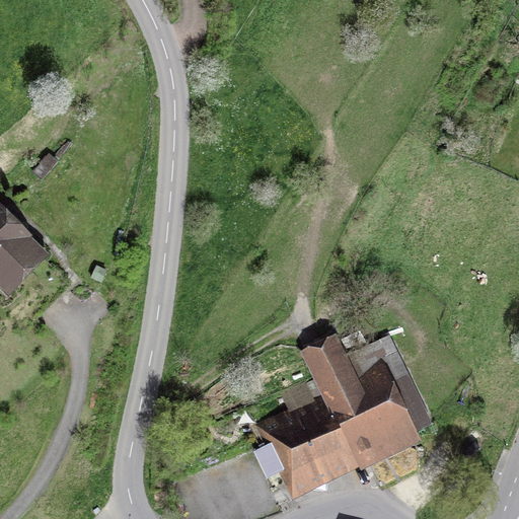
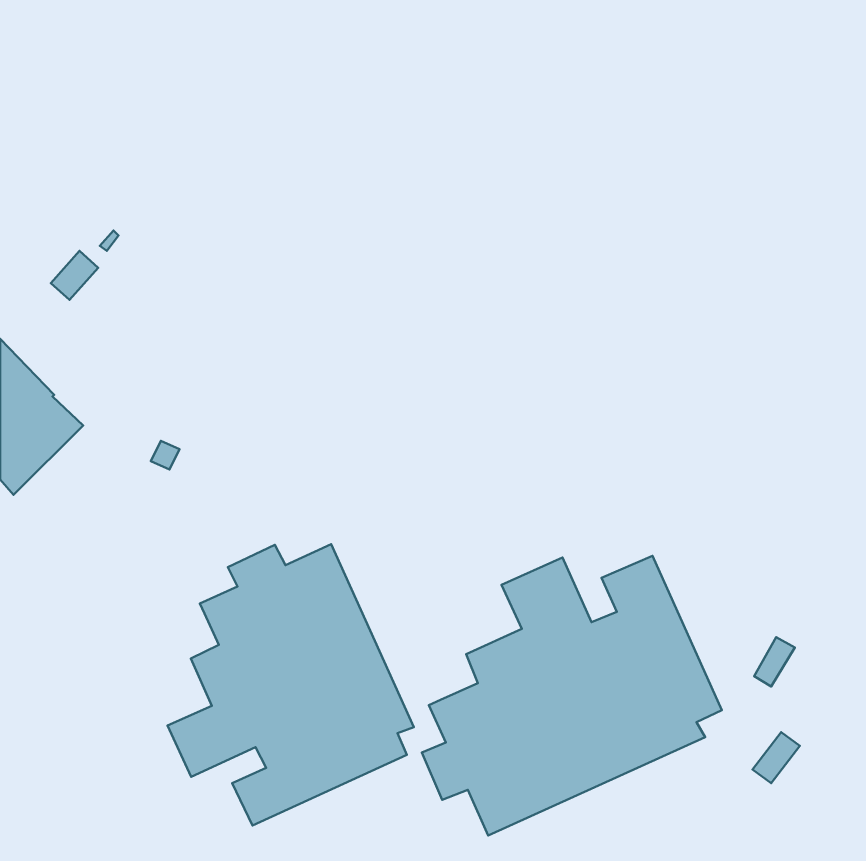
building: none -> [167,544,414,825]

